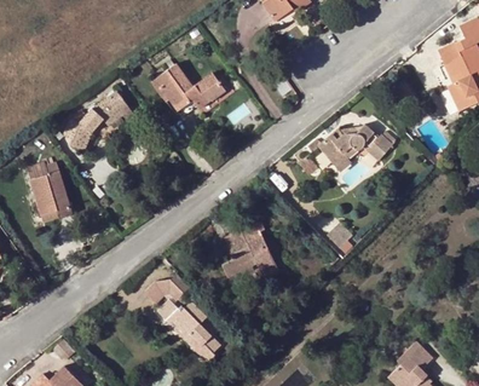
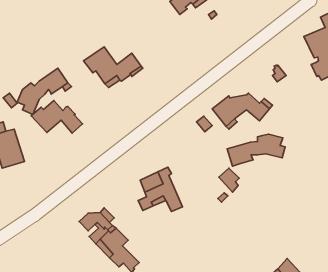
building: none -> [31,100,83,133]
building: none -> [227,134,285,166]

